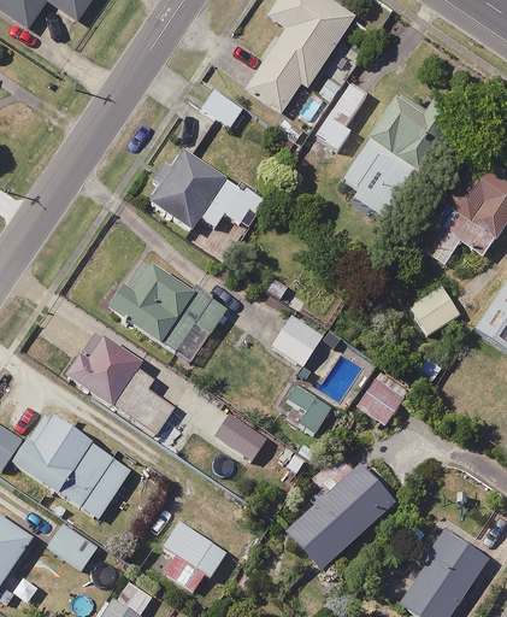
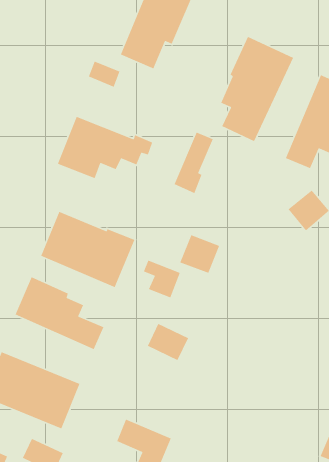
building: [314,80,371,153] -> [174,131,214,194]
building: [356,378,403,424] -> none
building: [287,386,331,436] -> [143,260,181,299]
building: [285,457,402,569] -> none

